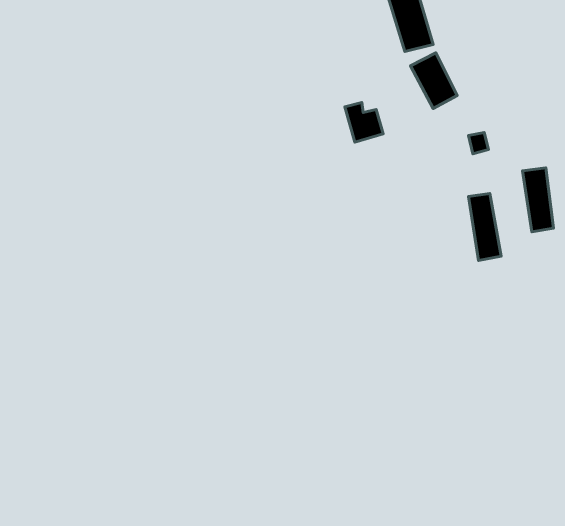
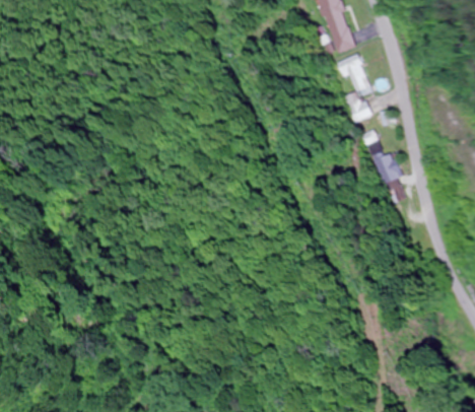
building: [345,102,383,142] -> [344,92,371,121]
building: [522,168,554,232] -> none

